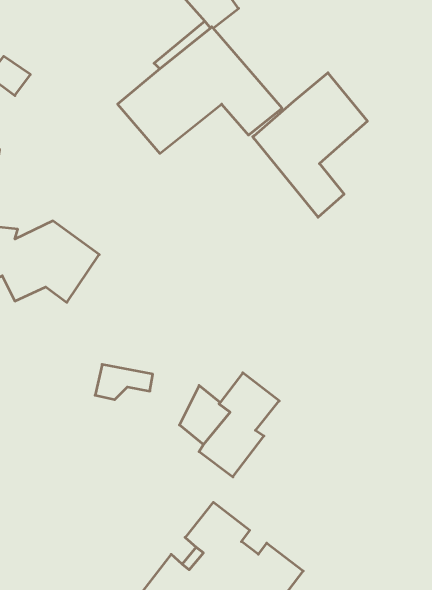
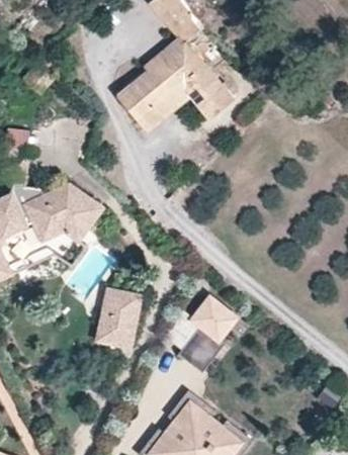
building: [253,73,367,217] -> none
building: none -> [95,303,141,348]

